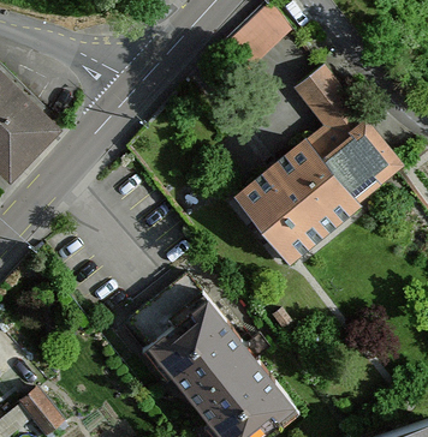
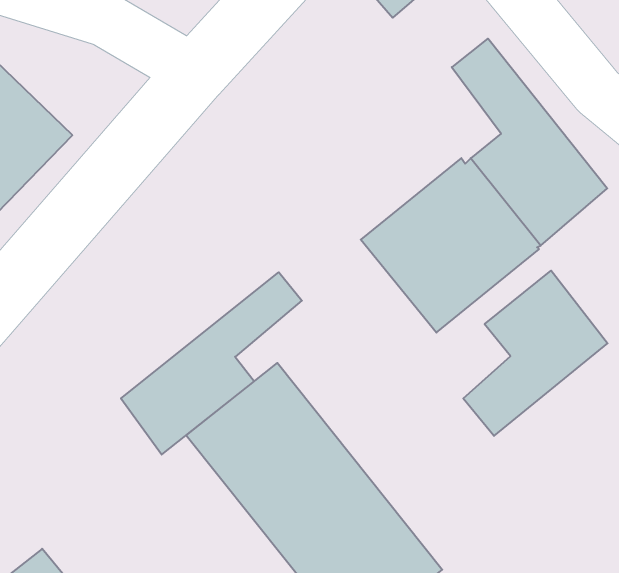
building: none -> [463,271,608,436]
building: none -> [121,272,302,455]

